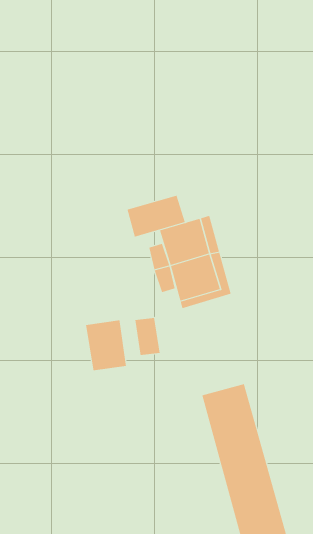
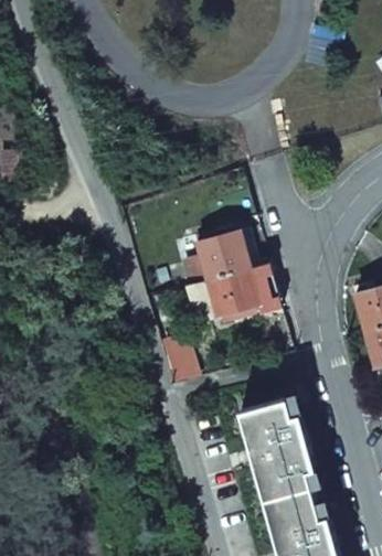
building: [127,195,186,237] -> none
building: [86,319,127,371] -> none

